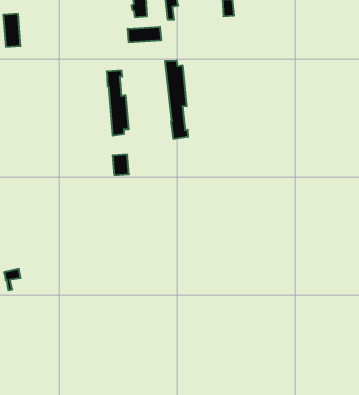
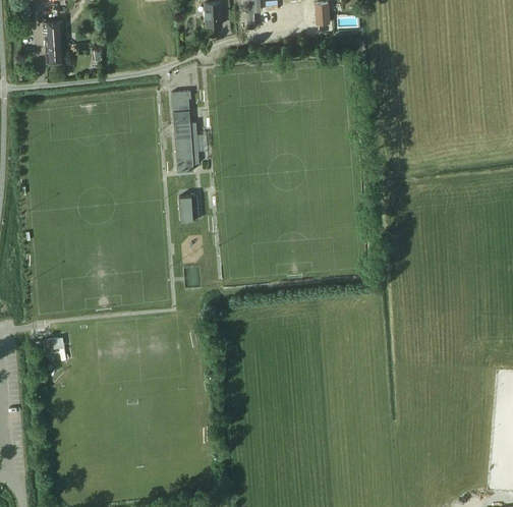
building: [128,27,161,42] -> none
building: [165,60,188,139] -> none

